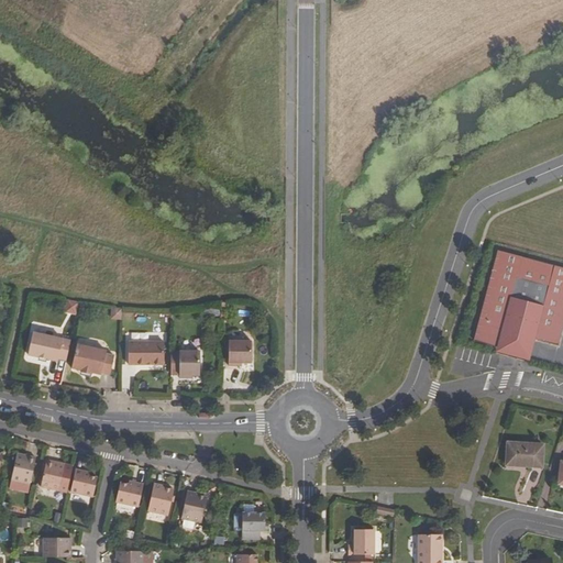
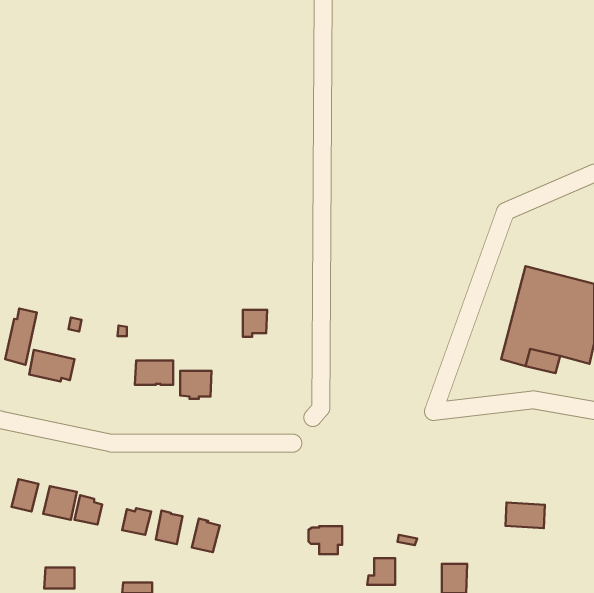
building: none -> [5,308,37,365]
building: [229,340,252,365] -> [243,310,267,337]
building: [71,344,114,374] -> none
building: [506,441,543,465] -> [505,503,545,528]
building: [232,512,264,539] -> [309,526,342,554]

